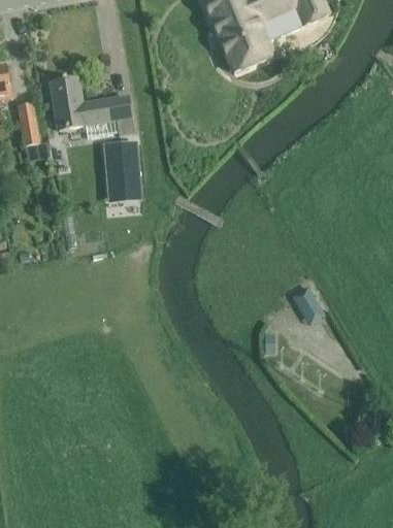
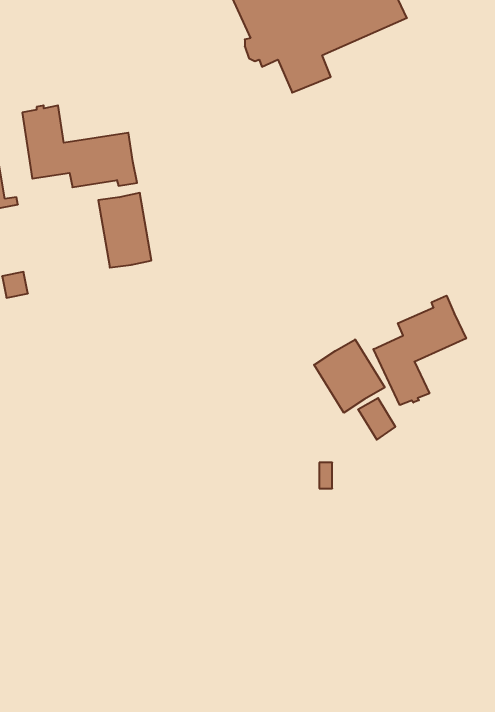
building: none -> [373,296,466,405]
building: none -> [314,339,385,413]

